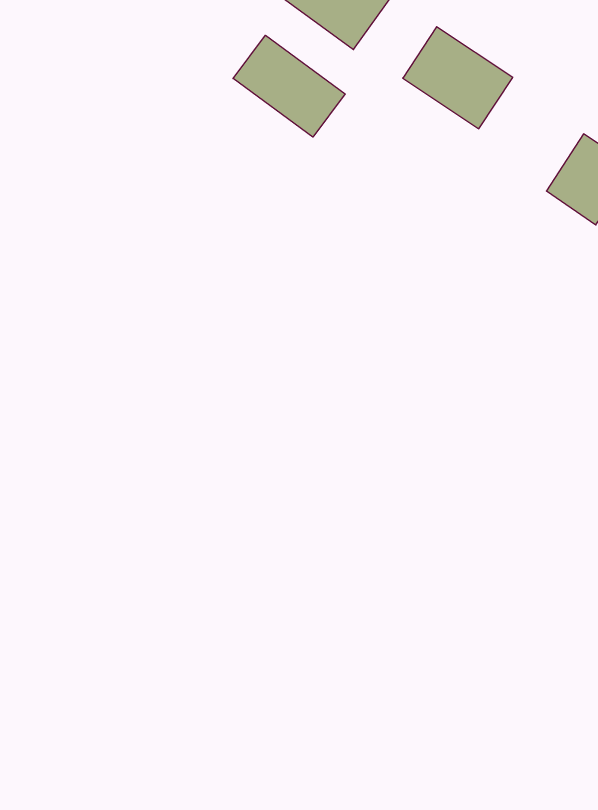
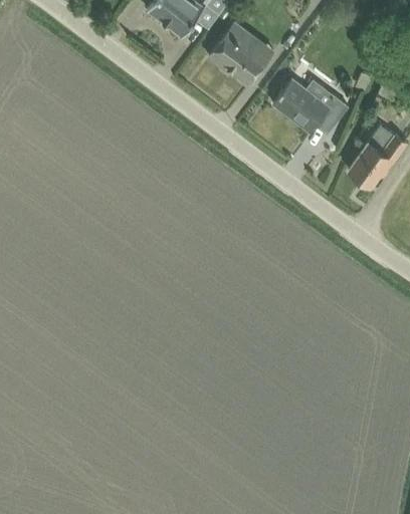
building: [233,35,345,137] -> none

